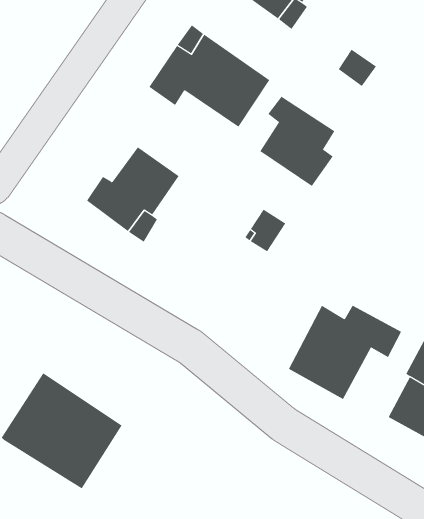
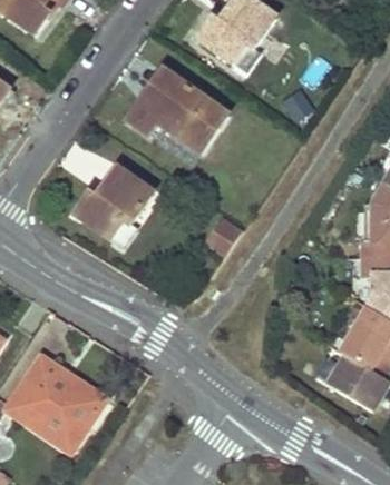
building: [259,96,335,187] -> none
building: [288,305,402,400] -> none

